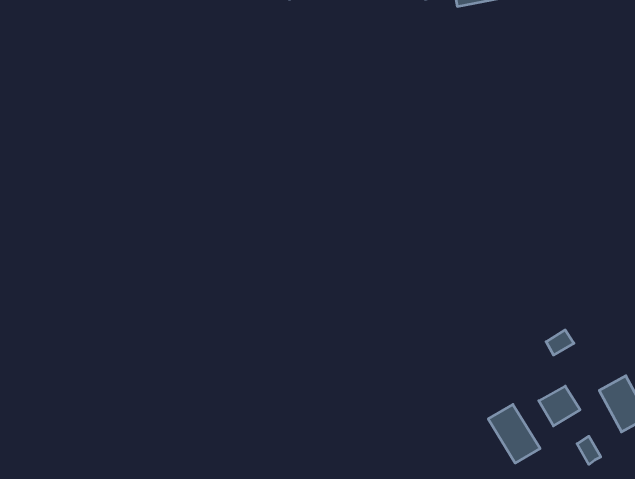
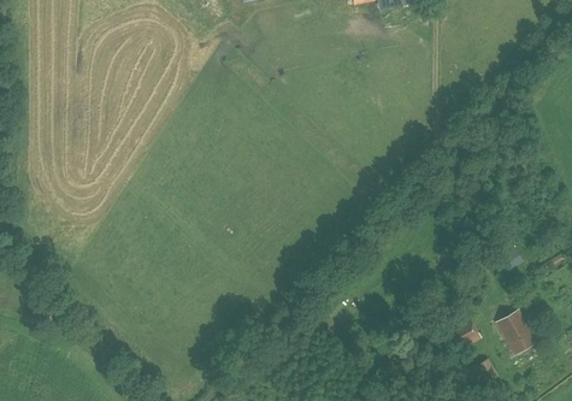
building: [488,404,540,463] -> none

